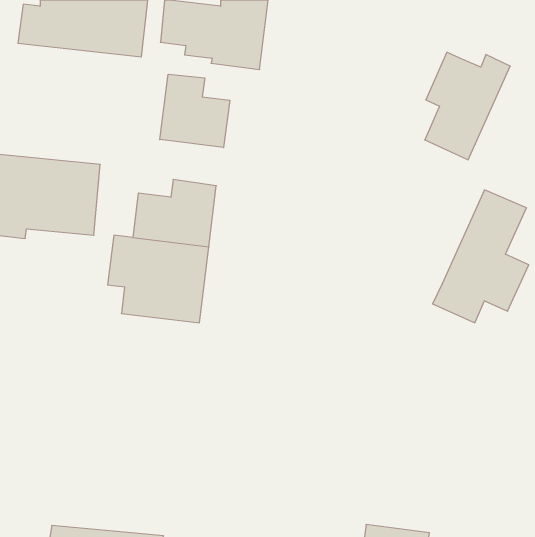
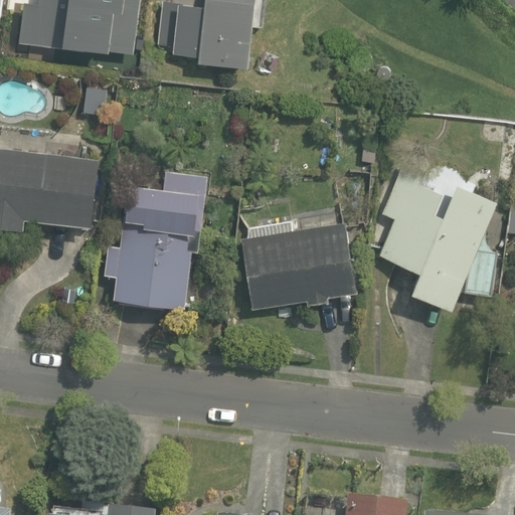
building: [425,52,510,160] -> [380,170,462,273]
building: [160,74,230,148] -> none
building: none -> [236,214,357,314]

